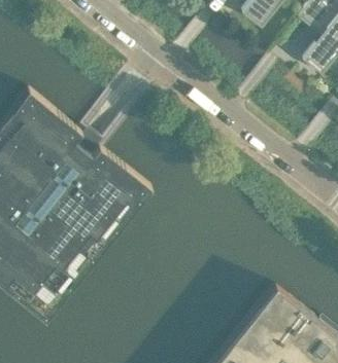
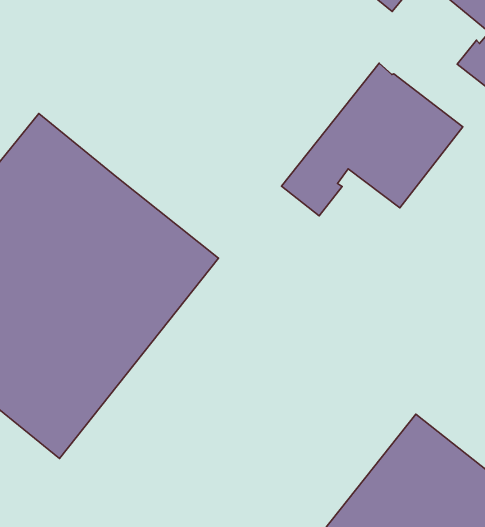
building: none -> [282,63,463,216]

